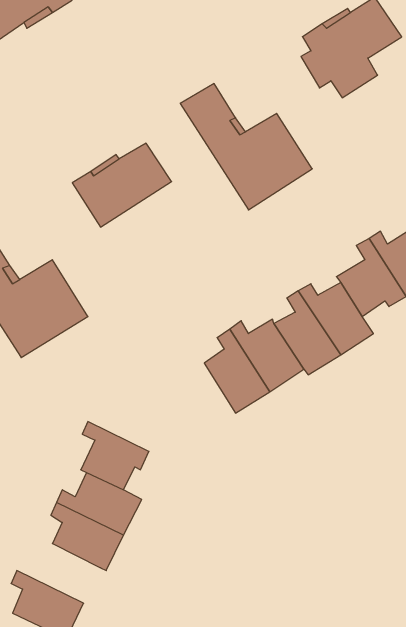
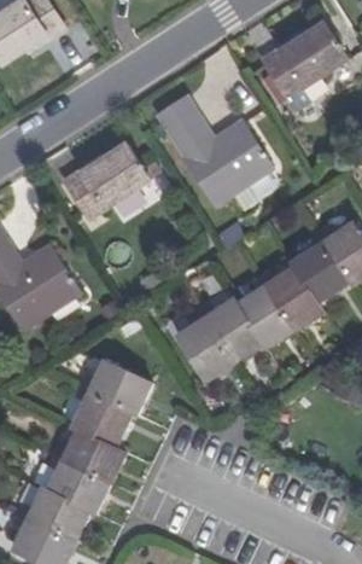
building: none -> [80,359,152,413]
building: none -> [19,487,90,540]

